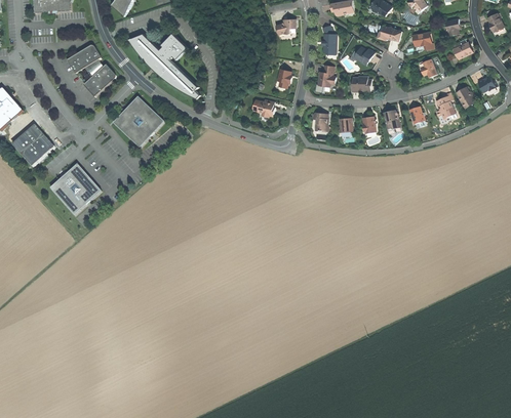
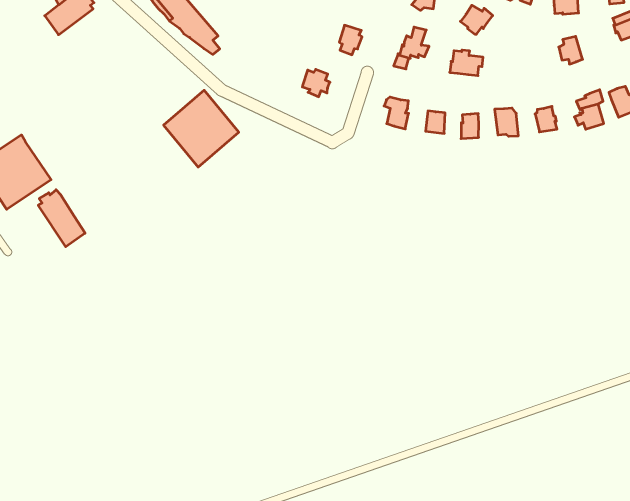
building: [114,96,163,147] -> [164,90,239,167]
building: none -> [38,190,85,247]

